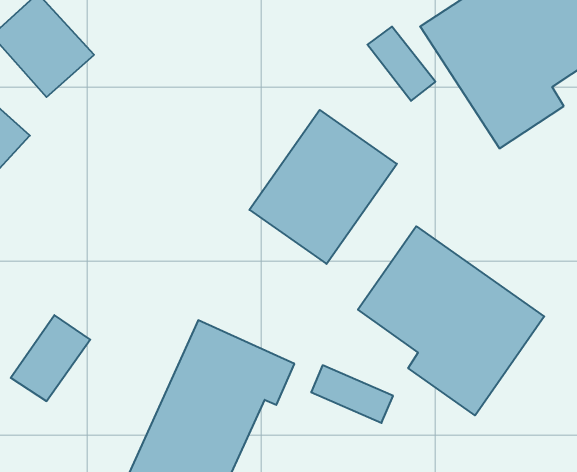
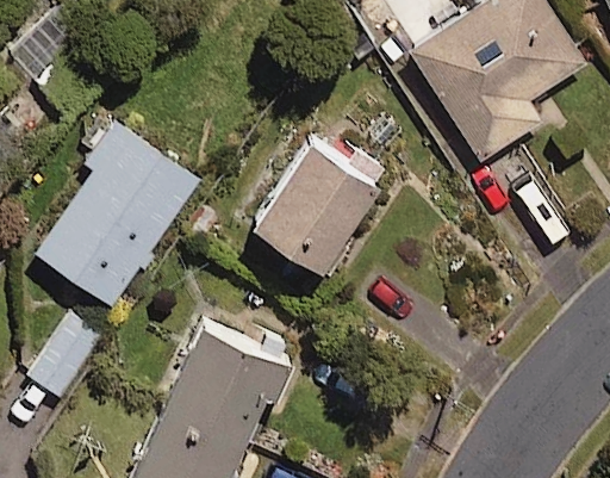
building: none -> [36,120,199,308]
building: [358,226,544,415] -> none

